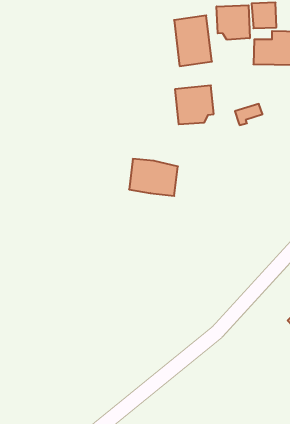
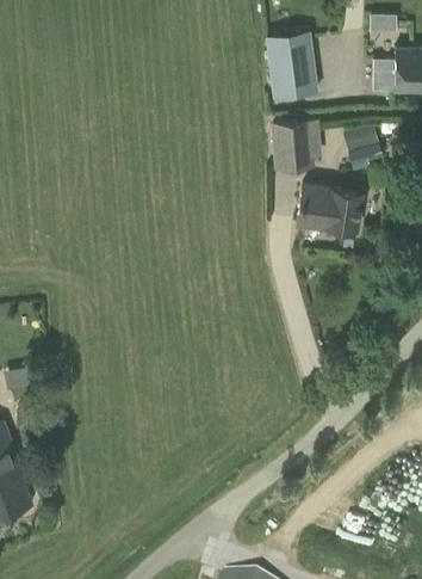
building: [217,5,250,40] -> none
building: none -> [341,124,378,154]
building: [129,159,178,196] -> [297,184,360,232]

